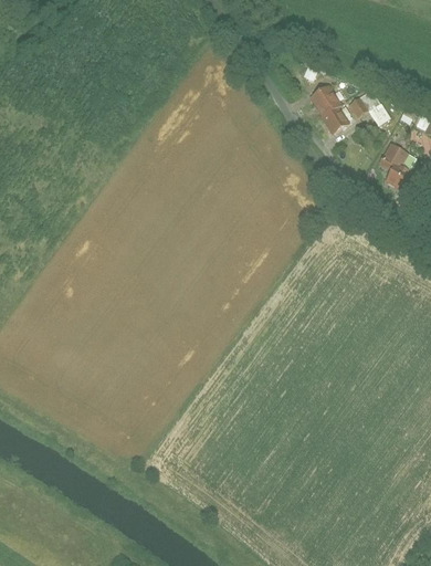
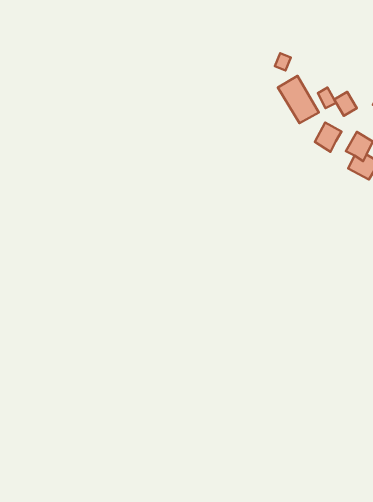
building: none -> [315,122,342,152]

